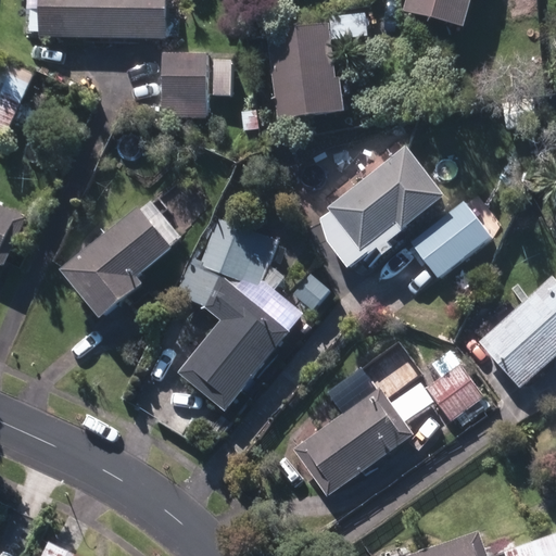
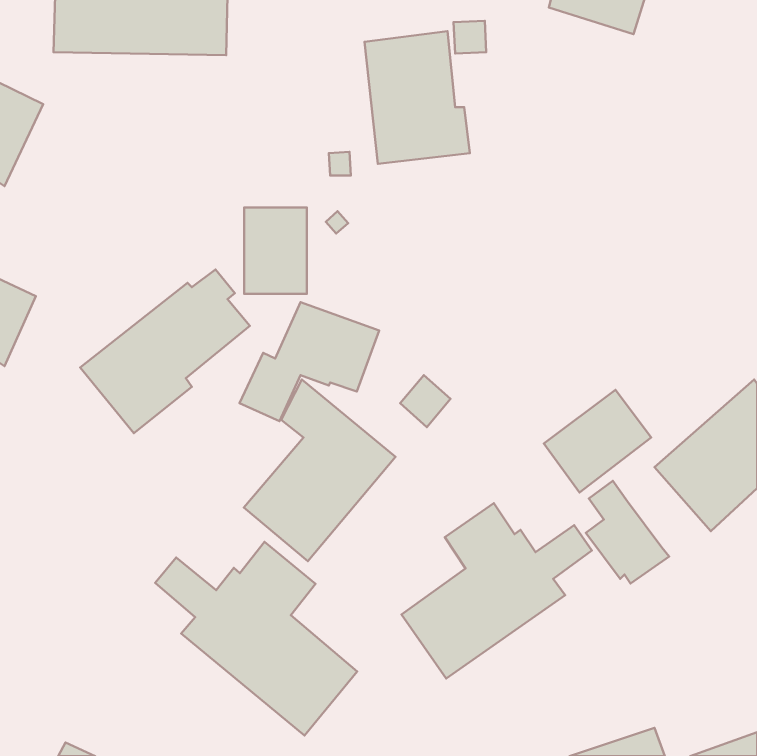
building: [161,54,206,117] -> [244,207,307,294]
building: [327,146,444,249] -> none
building: [412,202,490,277] -> [544,390,651,493]
building: none -> [155,542,357,735]

